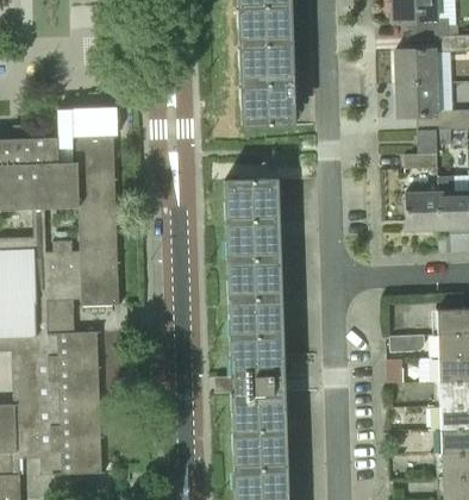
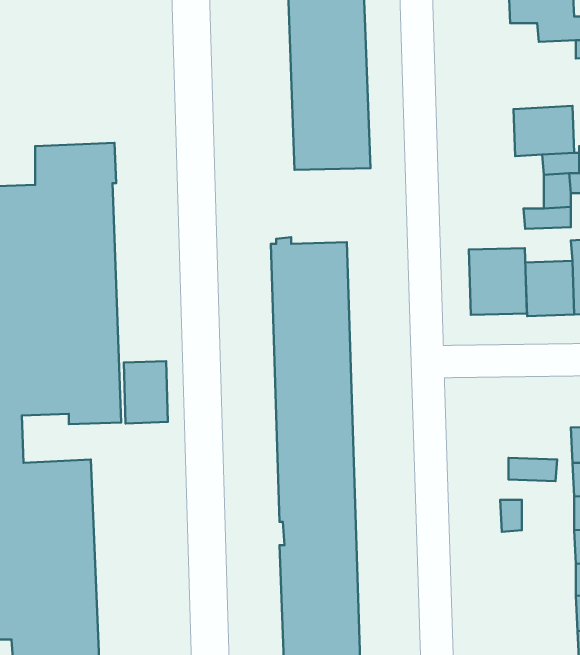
building: [395,49,438,85] -> none
building: none -> [469,248,527,315]
building: none -> [124,361,168,423]

